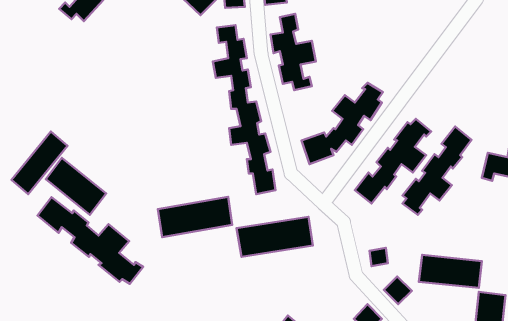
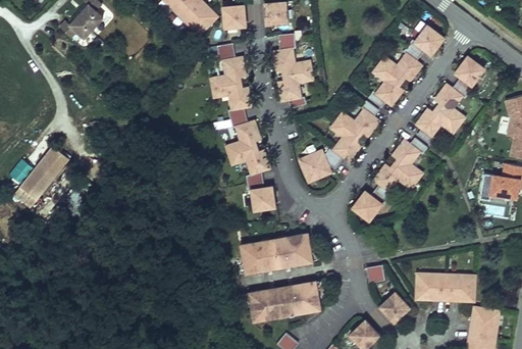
building: none -> [366,27,441,108]
building: [402,126,472,215] -> [415,57,483,145]
building: [46,158,106,215] -> none
building: [158,197,232,237] -> [244,282,317,321]
building: [38,197,143,284] -> none

